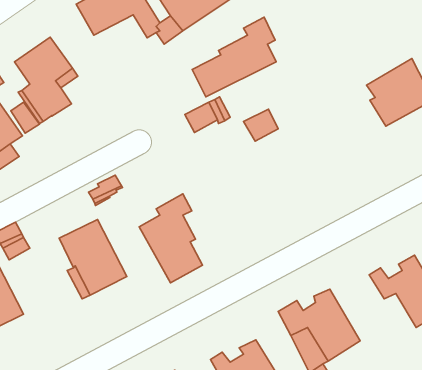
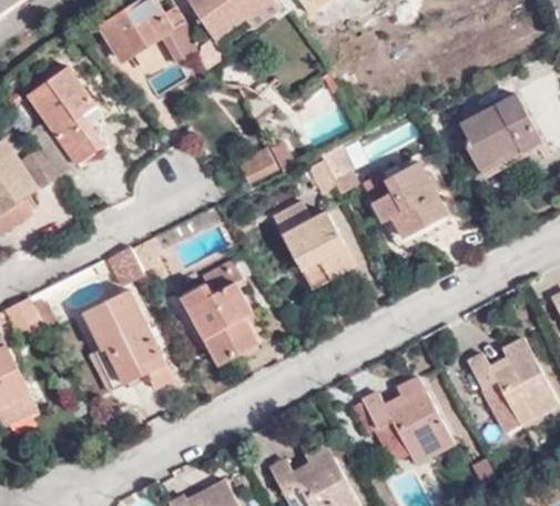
building: [192,17,276,97] -> none
building: none -> [366,159,451,232]
building: none -> [275,203,354,289]

